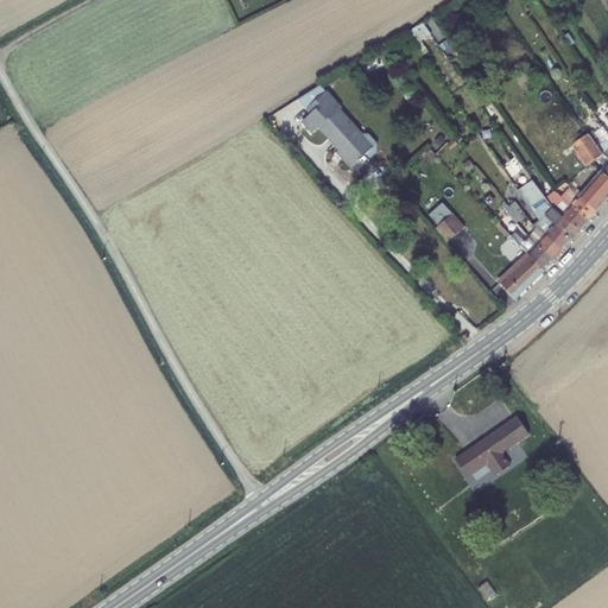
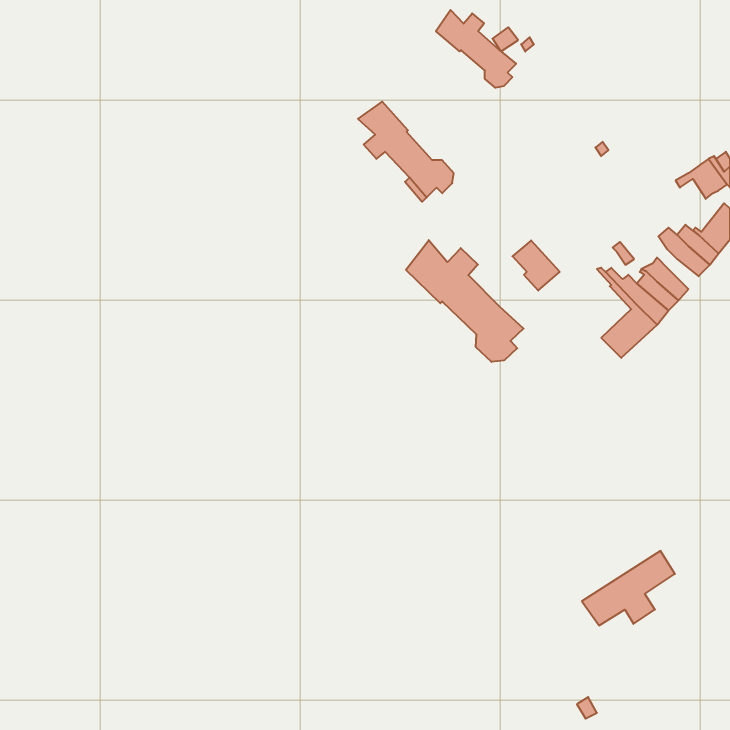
building: none -> [436,10,516,88]
building: [521,191,580,240] -> none
building: none -> [406,240,524,362]
building: [451,414,528,476] -> [582,551,675,625]

